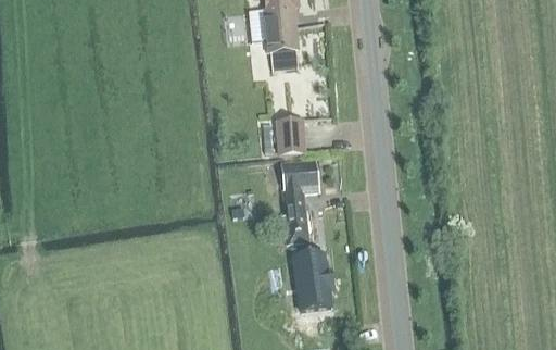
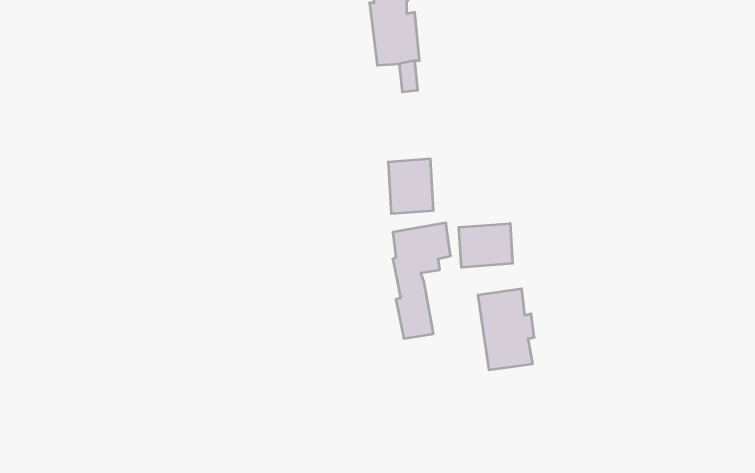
building: none -> [459,223,513,267]
building: [293,253,332,310] -> [478,289,534,370]

